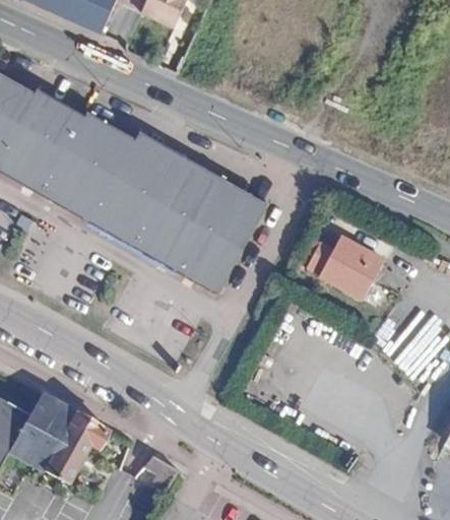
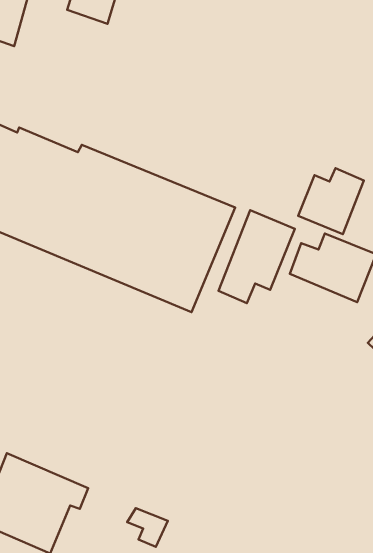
building: none -> [298,168,364,234]
building: none -> [219,210,295,303]

